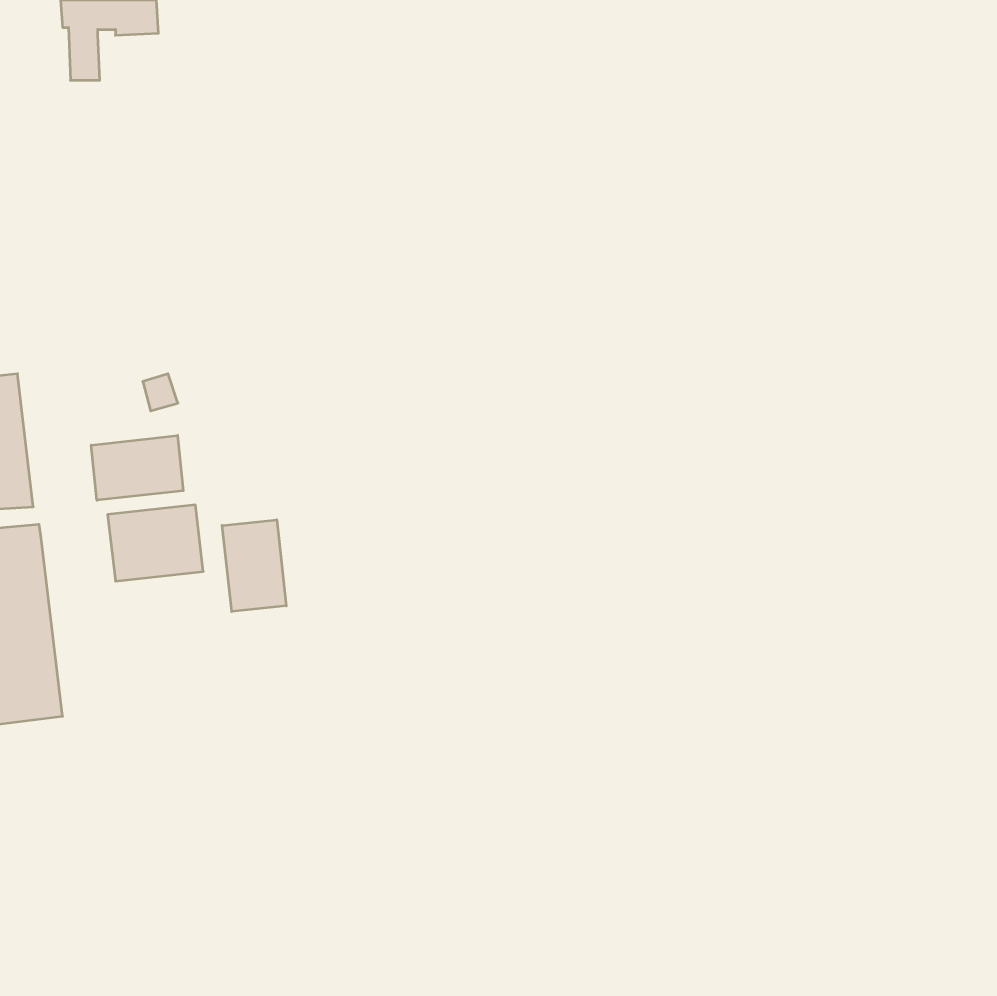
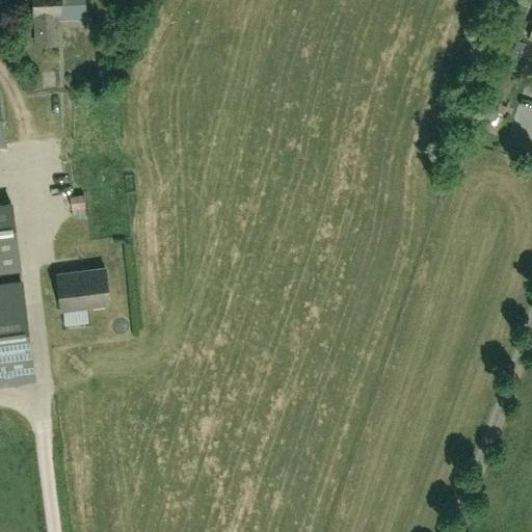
building: [91,435,183,500] -> none
building: [222,520,286,612] -> none

